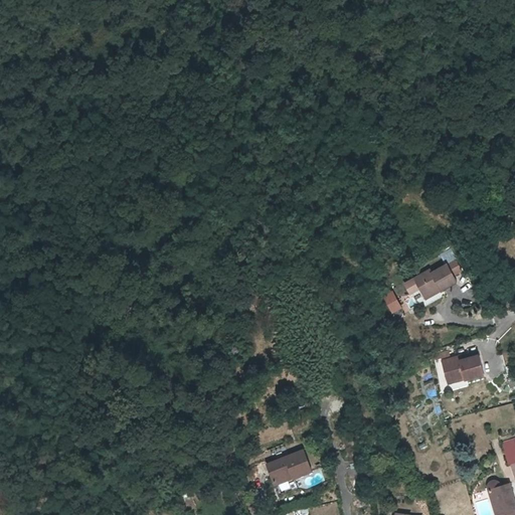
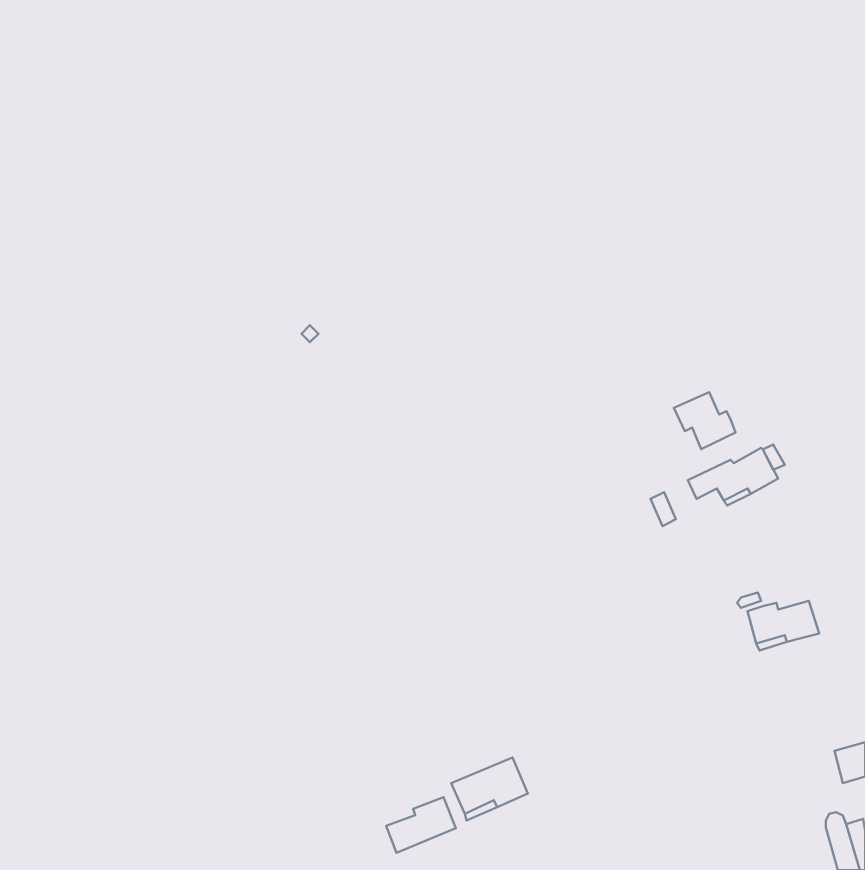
building: none -> [674,392,736,449]
building: none -> [386,797,456,853]

